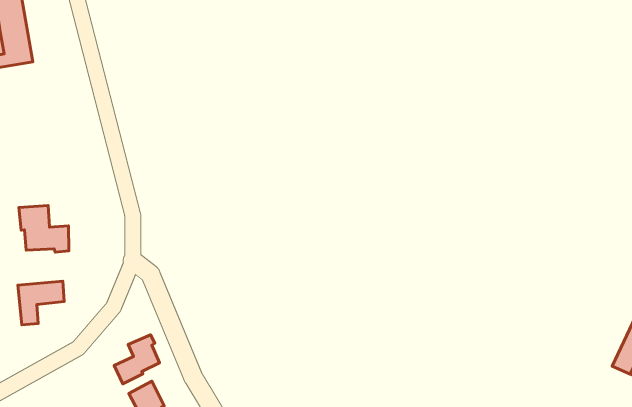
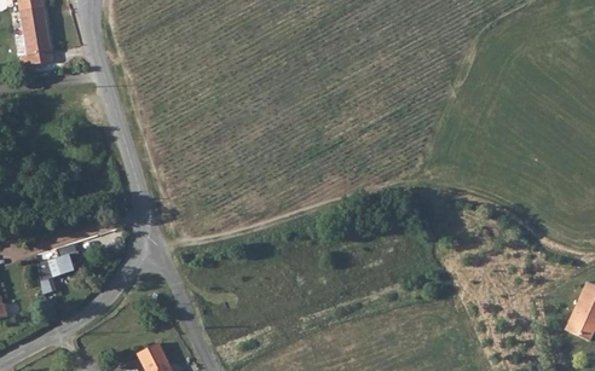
building: [19,205,69,252] -> none
building: [114,335,159,384] -> none

